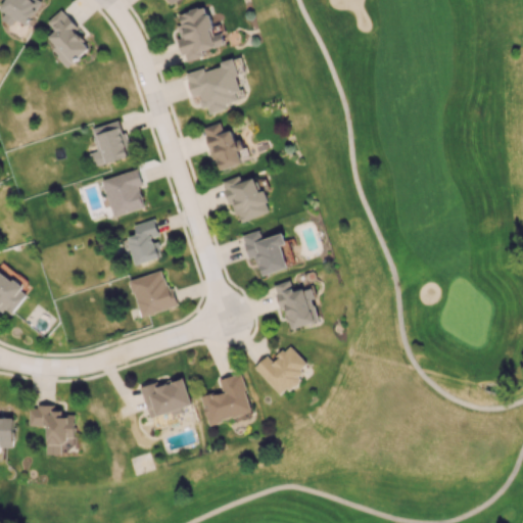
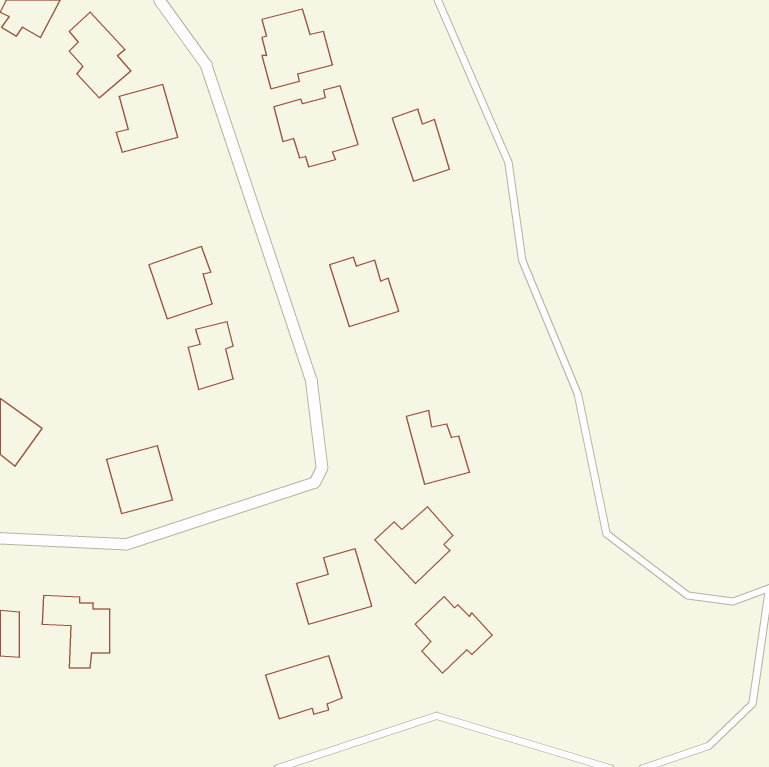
building: [90,121,132,167] -> [116,85,178,152]
building: [203,123,242,172] -> [392,109,449,181]
building: [242,231,288,276] -> none
building: [130,271,175,317] -> [106,446,173,513]
building: [140,376,192,419] -> [265,656,342,719]
building: none -> [415,597,492,673]

